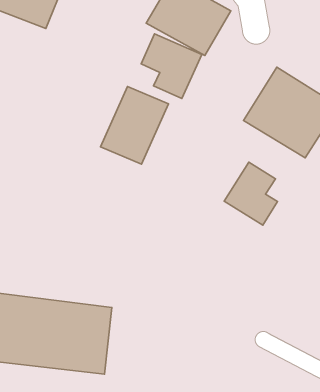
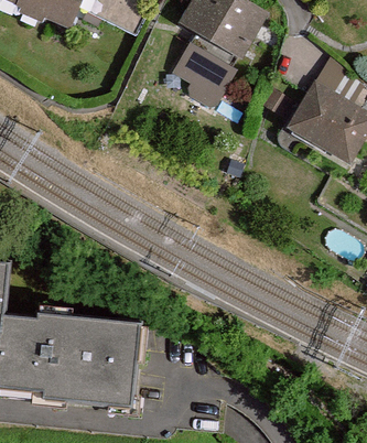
building: [100,87,169,164] -> none
building: [224,162,278,225] -> none

